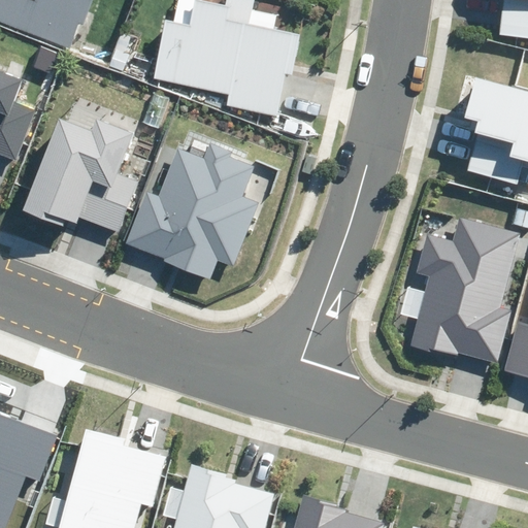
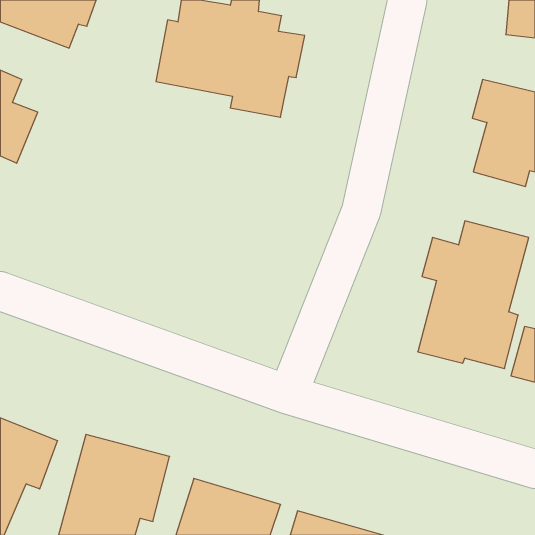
building: [22,118,137,232] -> none
building: [127,143,259,277] -> none

